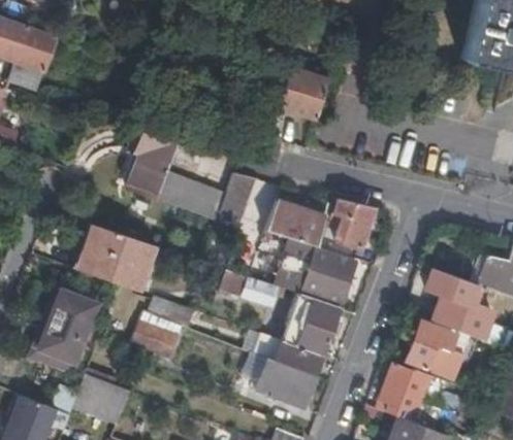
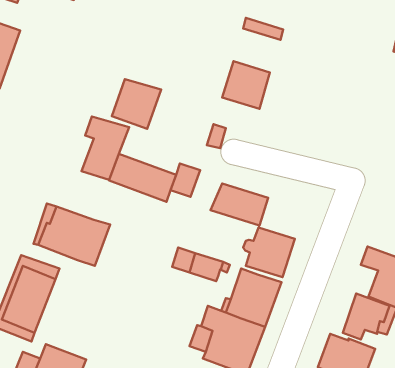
building: none -> [112,79,161,129]
building: [333,200,375,249] -> none
building: [133,296,187,356] -> none

